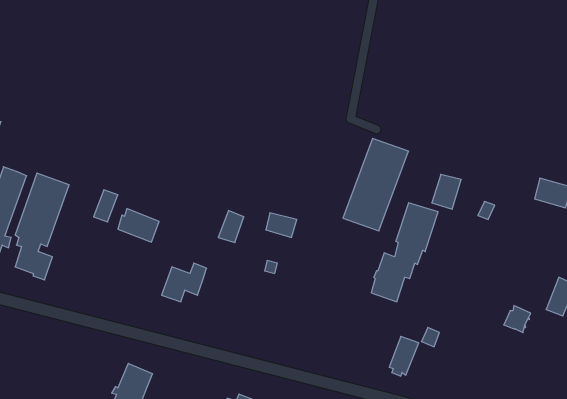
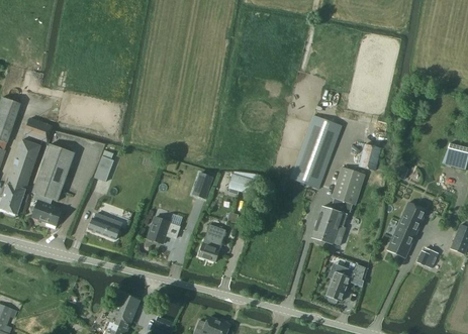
building: [118,209,159,242] -> [89,212,121,238]
building: none -> [387,201,427,256]
building: none -> [198,223,226,260]

